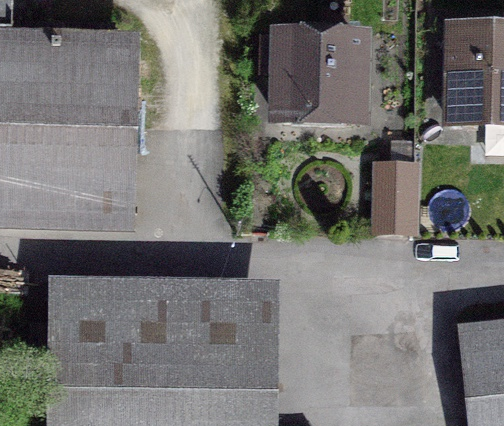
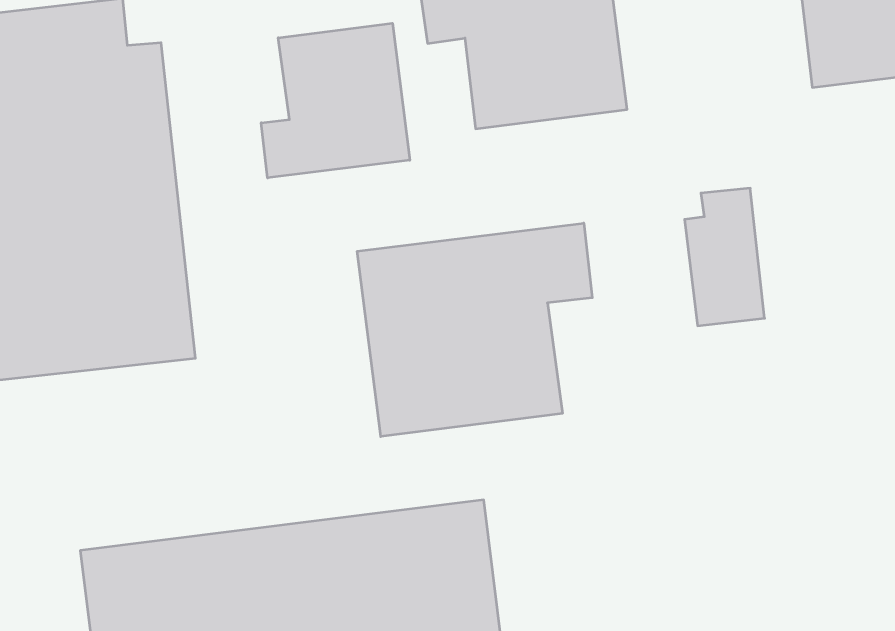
building: none -> [261,23,410,178]
building: none -> [357,223,592,437]

